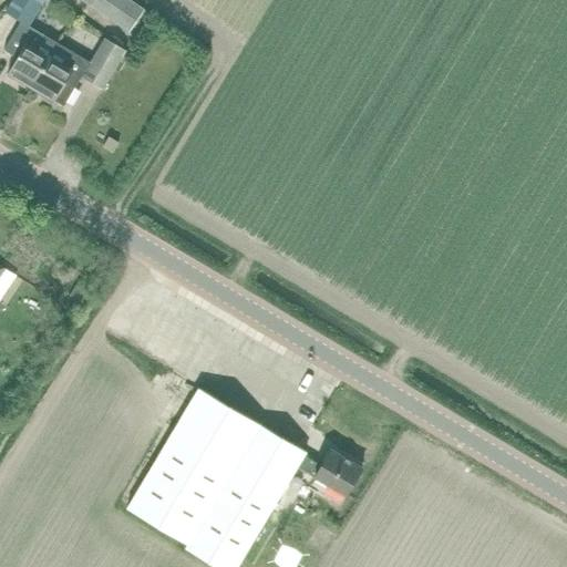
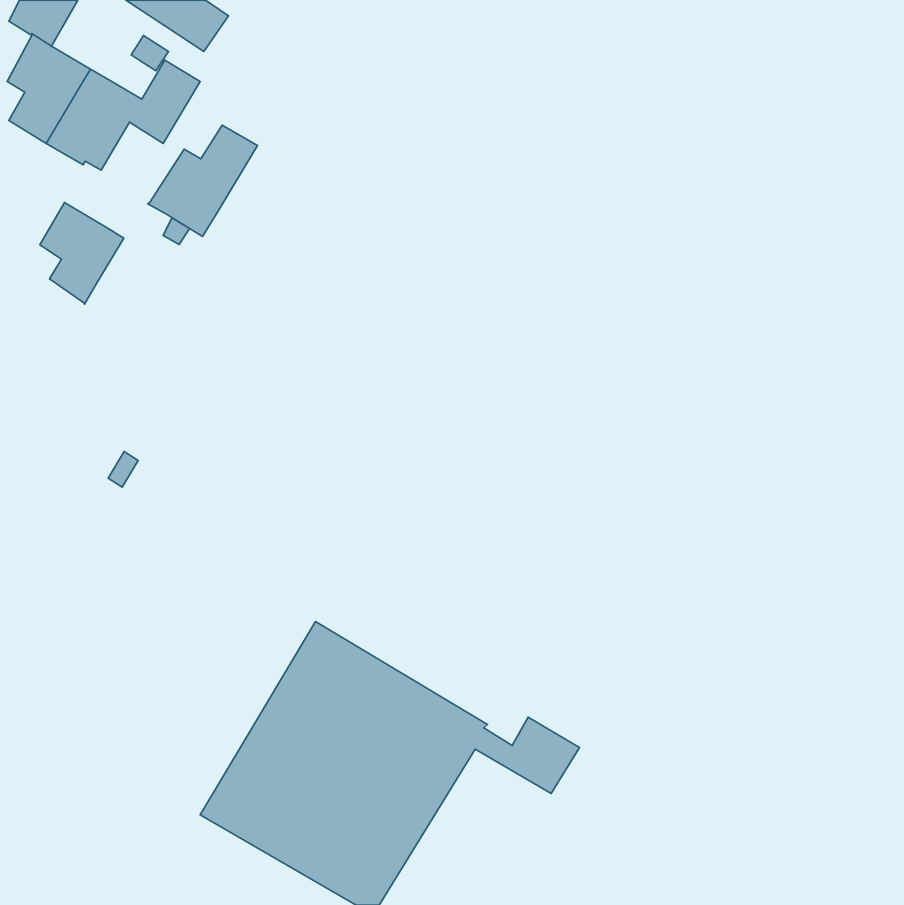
building: none -> [148,125,257,236]
building: none -> [40,203,124,304]

